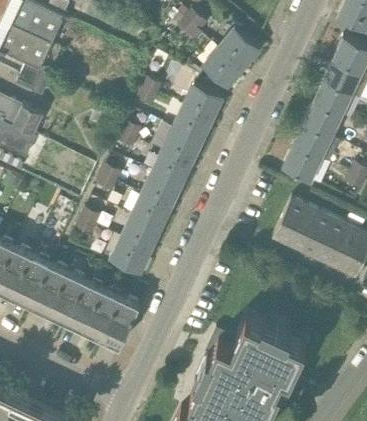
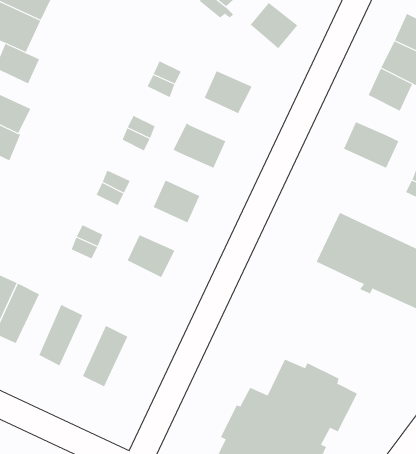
building: [203,46,243,85] -> none
building: [305,103,341,136] -> none
building: [172,105,211,140] -> none
building: [285,146,321,180] -> none
building: [152,149,191,184] -> none
building: [131,193,170,228] -> none
building: [105,233,149,272] -> none
building: [32,263,68,312] -> none
building: [67,280,104,329] -> none
building: [103,297,140,346] -> none

